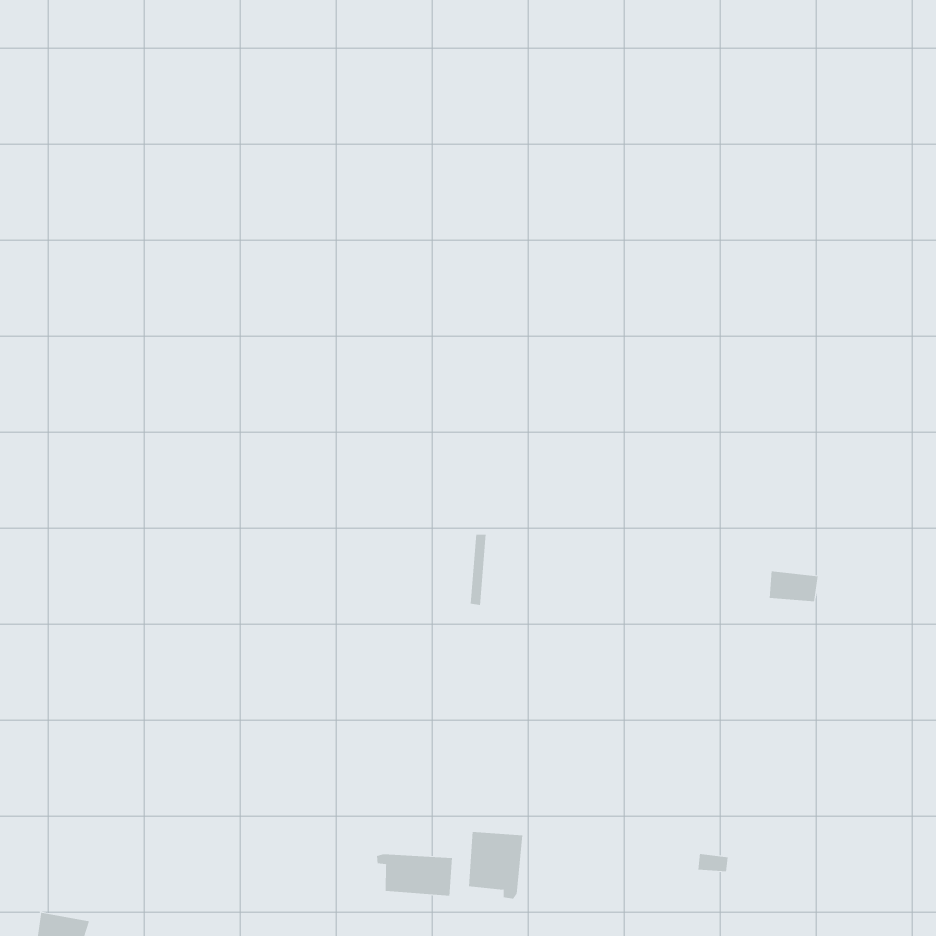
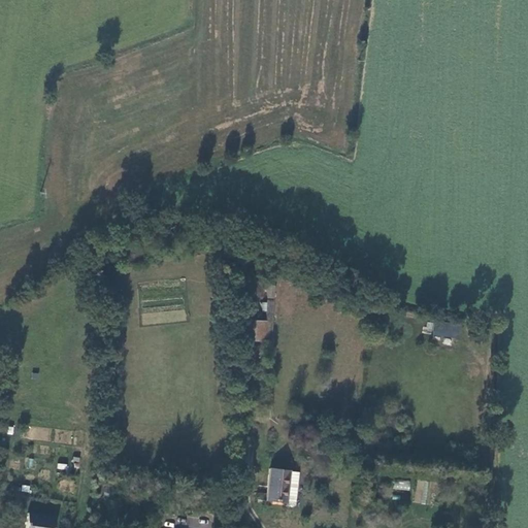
building: [376,853,453,896] -> none

